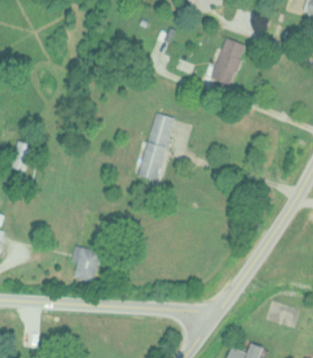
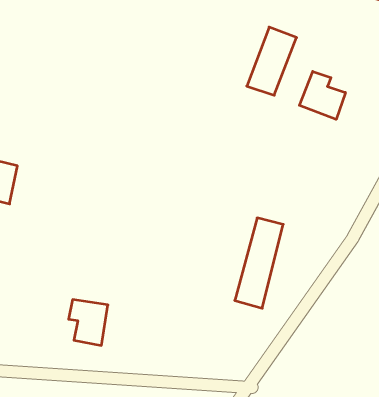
building: none -> [299,71,345,119]
building: [137,113,174,183] -> [235,218,283,308]

